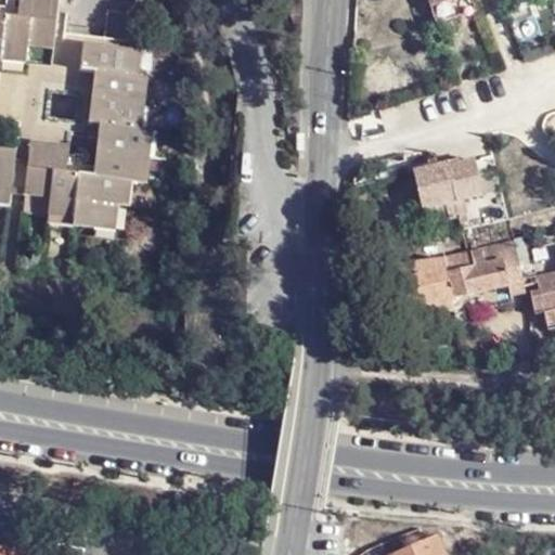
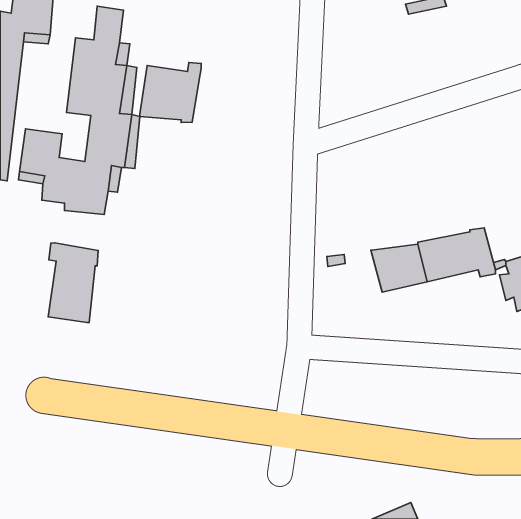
building: none -> [140,62,201,122]
building: [417,160,486,210] -> none
building: none -> [48,243,98,323]

